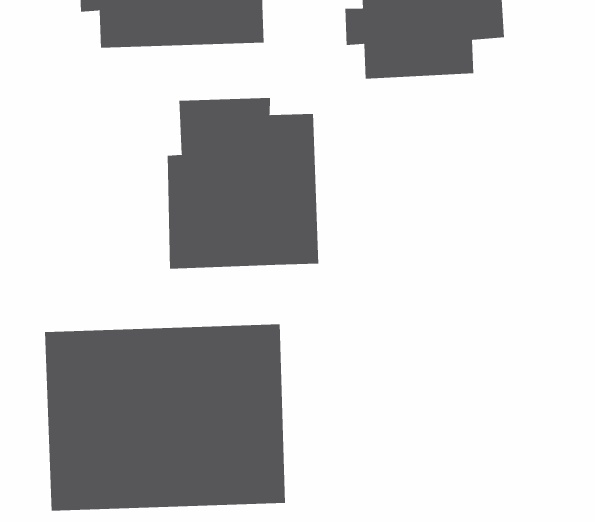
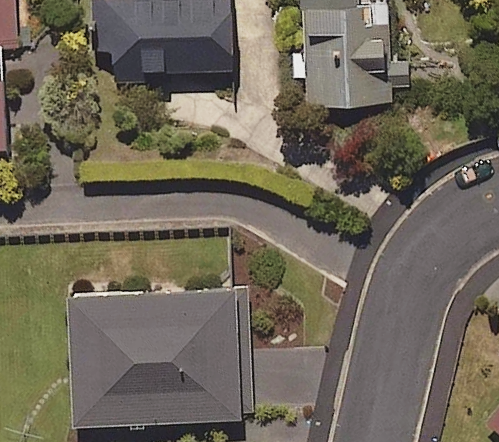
building: [167,97,319,269] -> none

